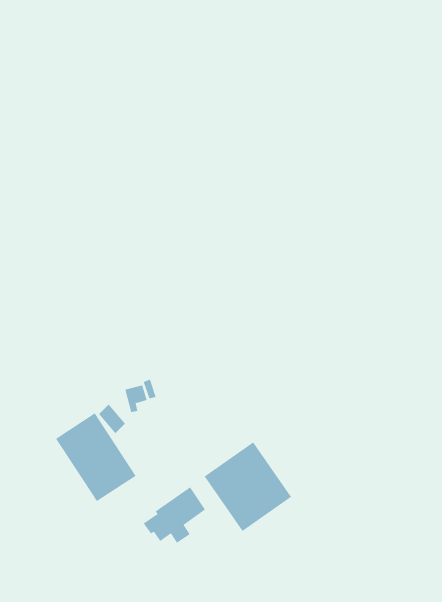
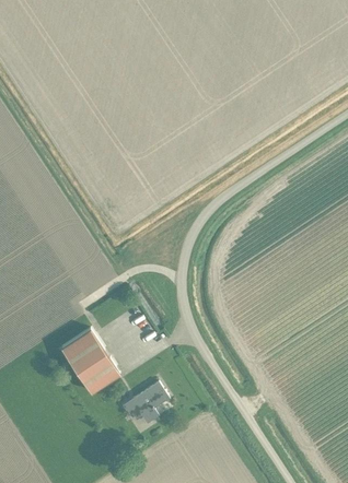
building: [204,442,292,532] -> none

